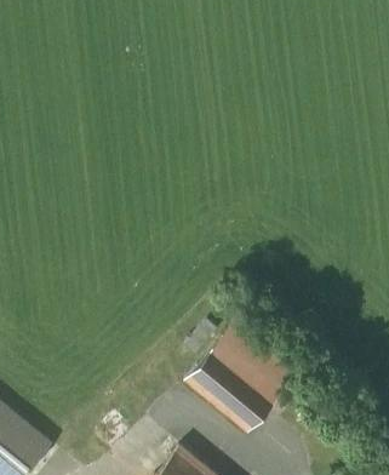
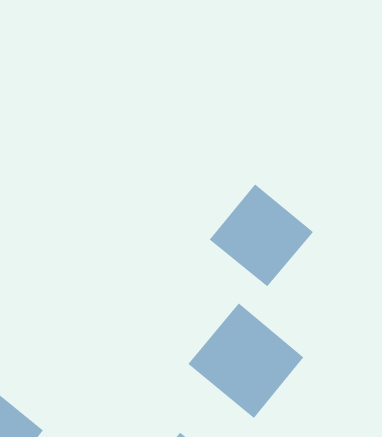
building: none -> [209,183,314,287]

